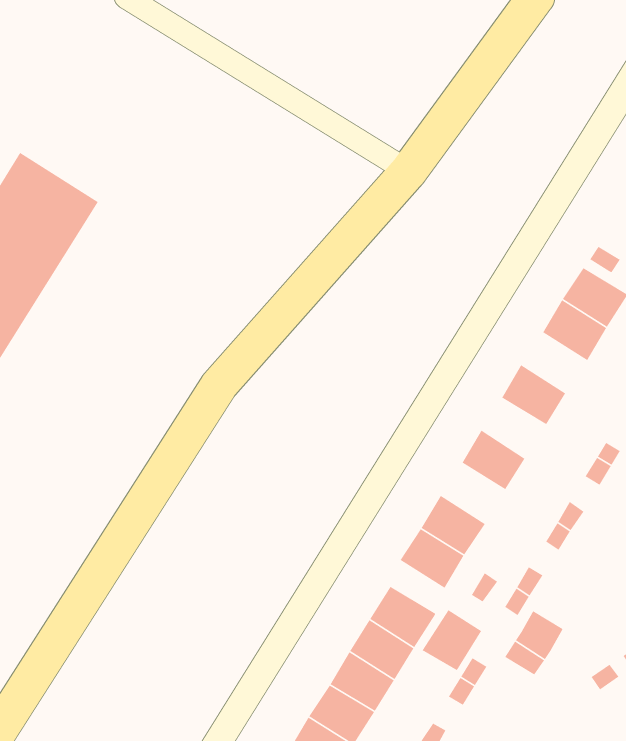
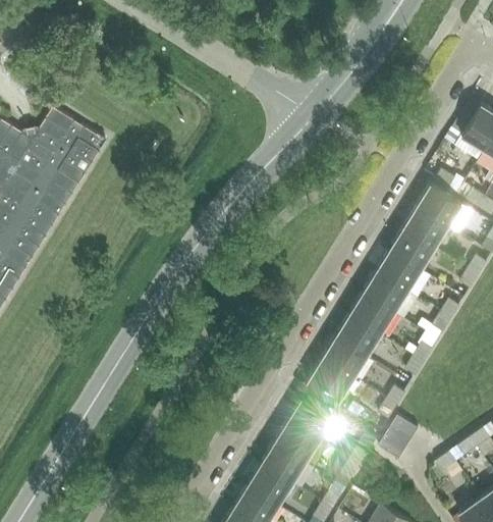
building: none -> [388,230,433,271]
building: none -> [362,274,405,315]
building: none -> [334,318,378,359]
building: [422,609,482,671] -> none

